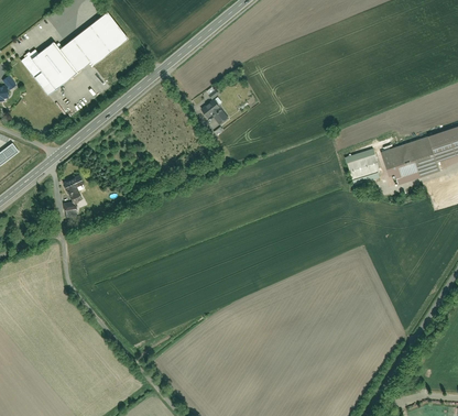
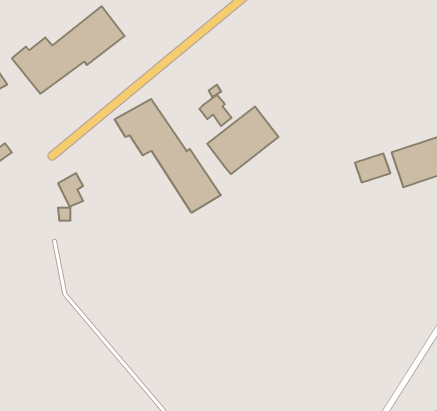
building: none -> [115,99,221,213]
building: none -> [207,107,279,174]

